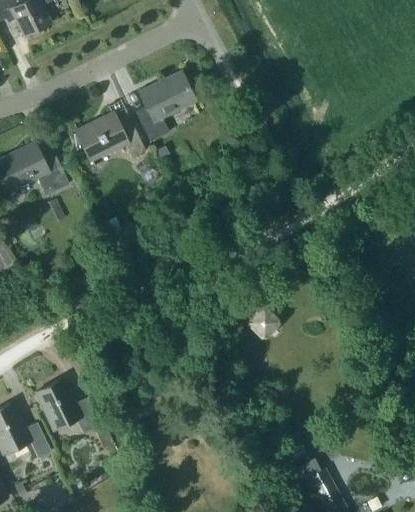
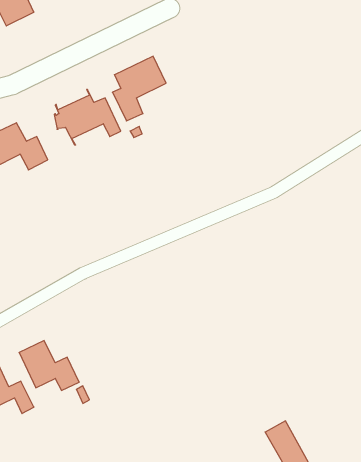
building: [244,304,282,341] -> none

